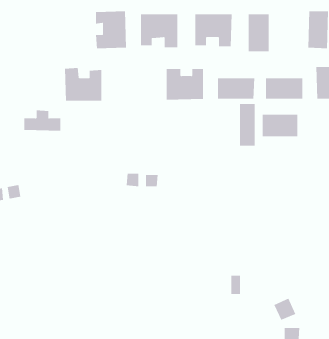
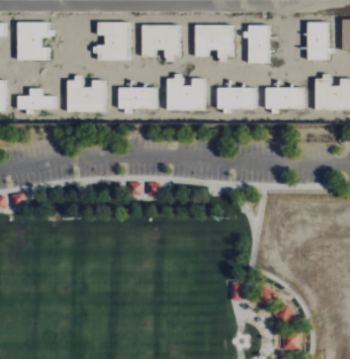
building: none -> [17,22,49,60]
building: none -> [118,88,156,109]
building: [240,103,255,147] -> none
building: [23,110,61,131] -> [17,88,55,109]
building: [262,114,298,137] -> none

